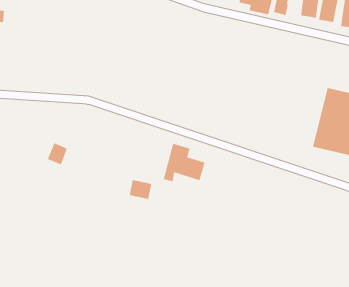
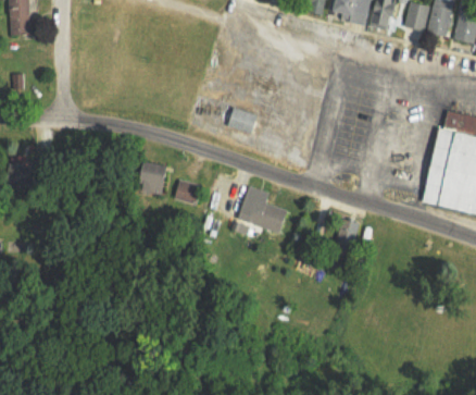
building: none -> [227,109,258,134]
building: [47,142,68,166] -> [142,168,168,197]
building: [129,179,152,200] -> [172,180,201,206]

